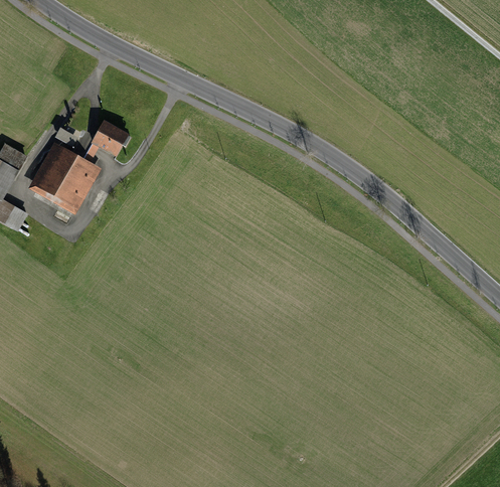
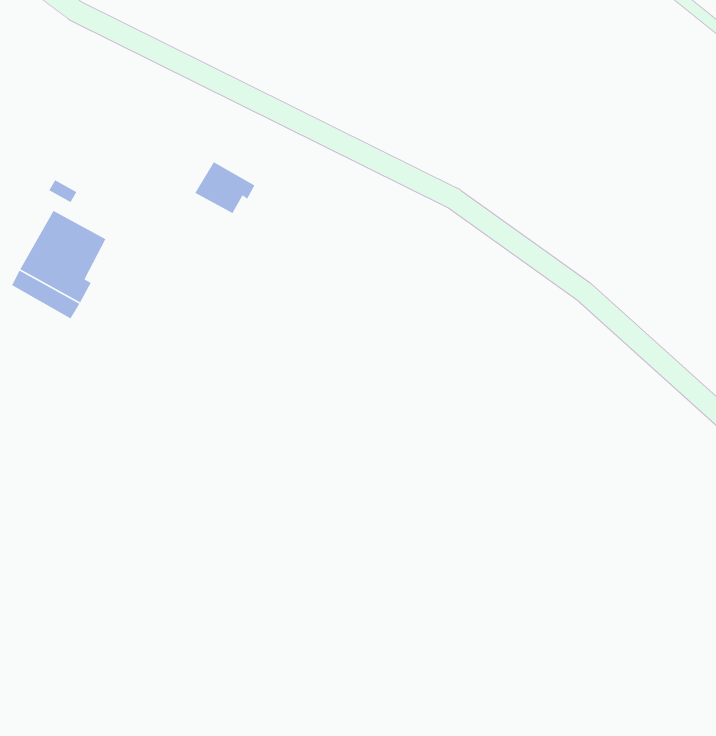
building: [92,120,130,153] -> [194,161,256,214]

